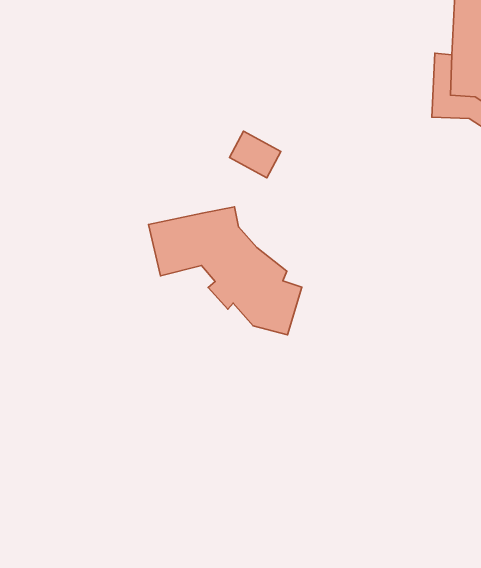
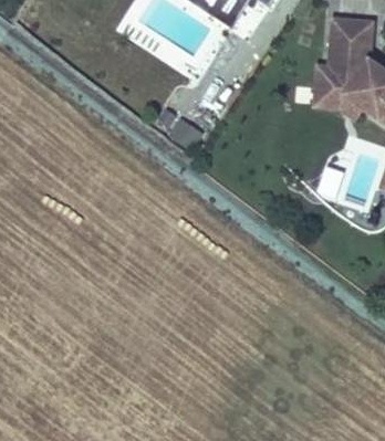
building: [148,207,302,335] -> none

